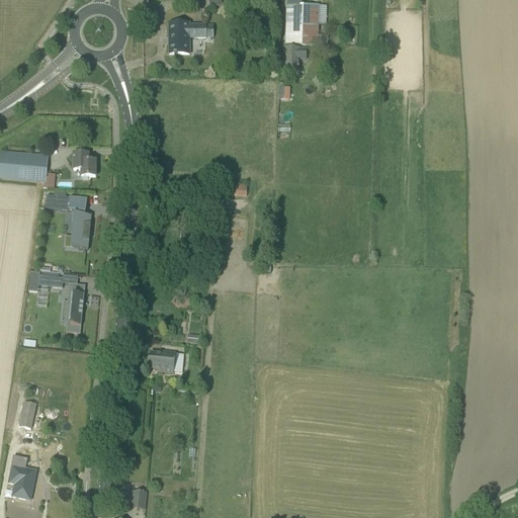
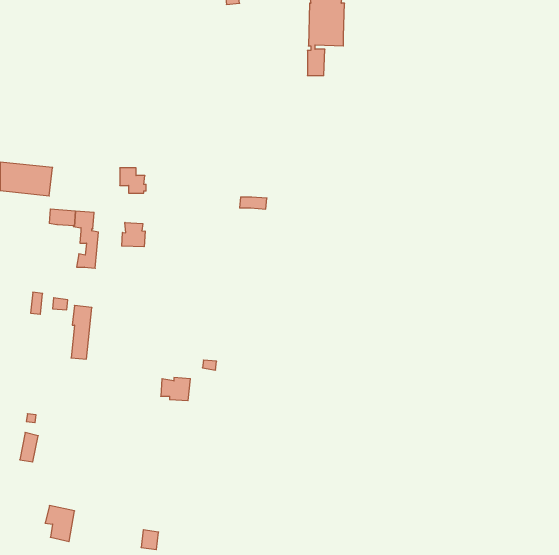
building: [169,21,213,53] -> none
building: [73,152,97,175] -> [120,168,146,193]
building: none -> [122,222,145,247]
building: [8,464,35,498] -> [45,506,75,542]

